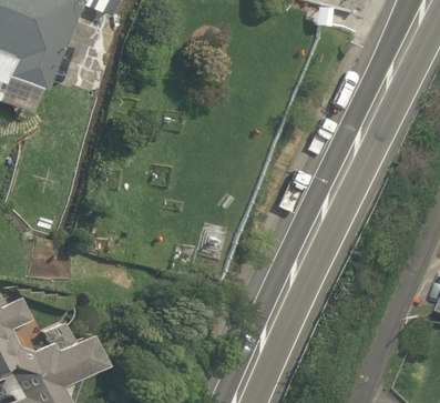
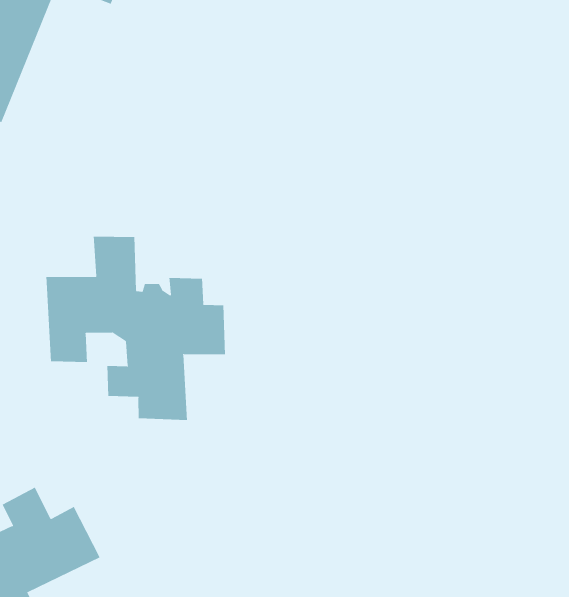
building: none -> [46,236,226,421]

